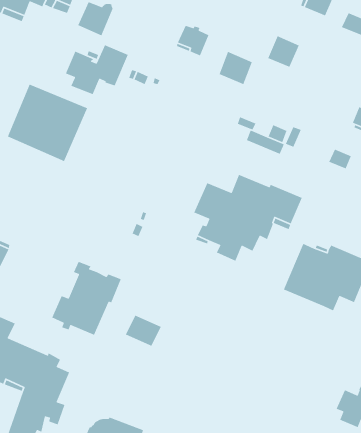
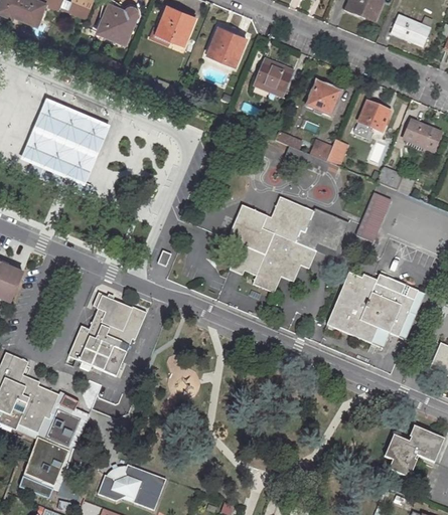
building: none -> [149,8,194,45]
building: [267,35,300,68] -> [305,79,341,116]
building: [65,44,129,95] -> none
building: none -> [358,101,390,131]
building: none -> [355,192,391,241]
building: [125,315,162,347] -> none

